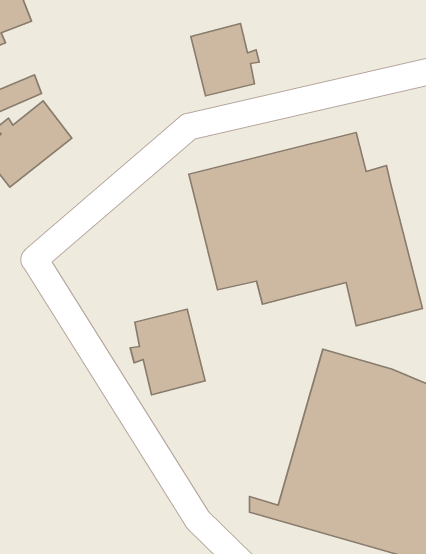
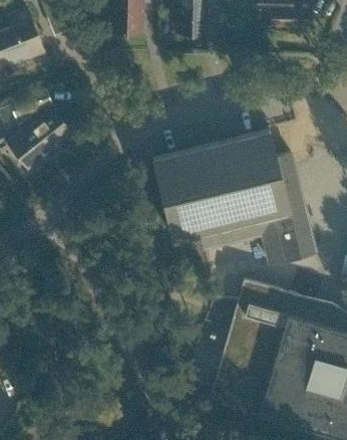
building: [191,23,259,96] -> none
building: [130,309,205,395] -> none

